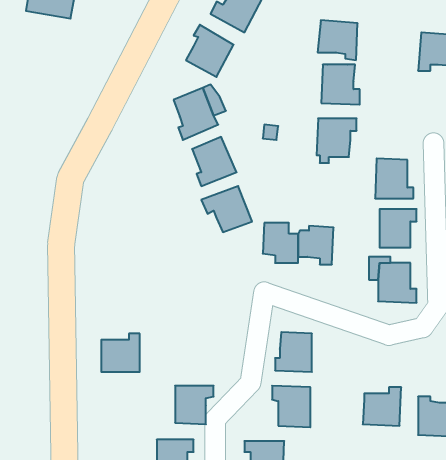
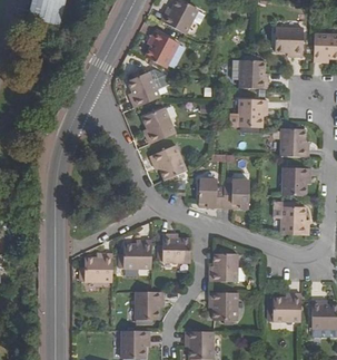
building: [318,20,358,60] -> [275,27,304,56]
building: none -> [161,232,189,260]
building: none -> [120,240,148,267]

